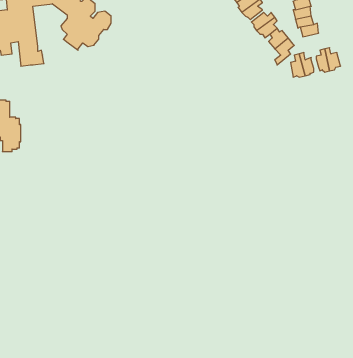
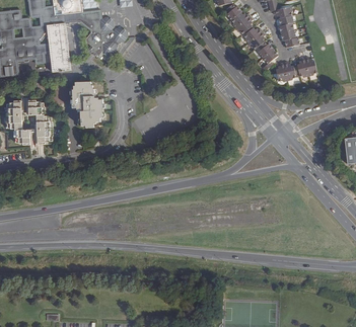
building: none -> [71,82,101,127]

